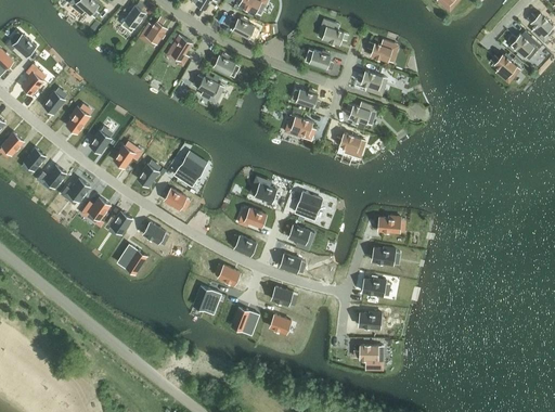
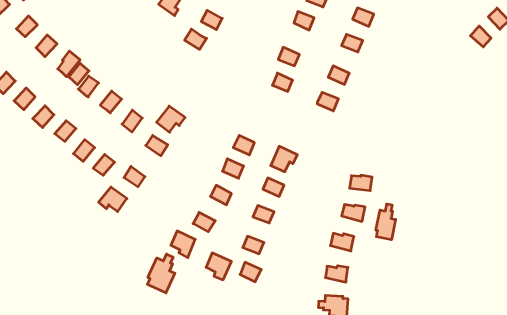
building: none -> [376,204,396,240]
building: none -> [147,254,175,293]

